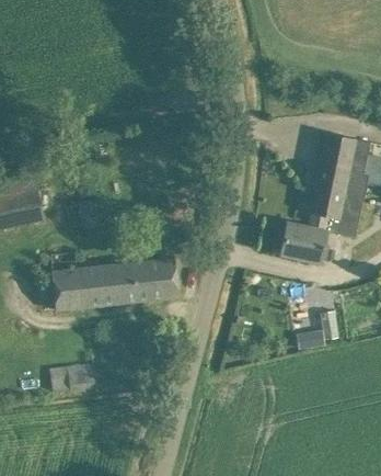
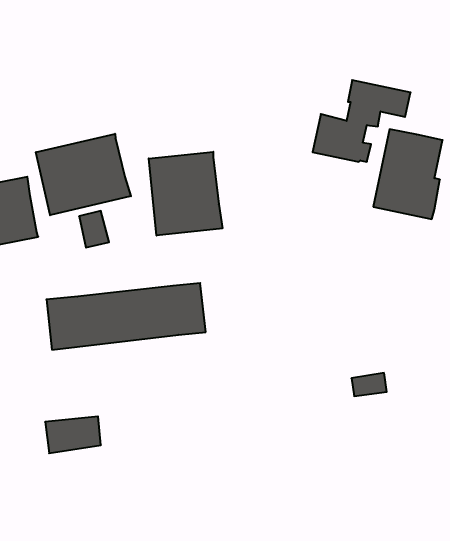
building: none -> [36,134,131,215]
building: none -> [149,152,222,236]
building: [282,195,361,261] -> [313,80,411,162]

